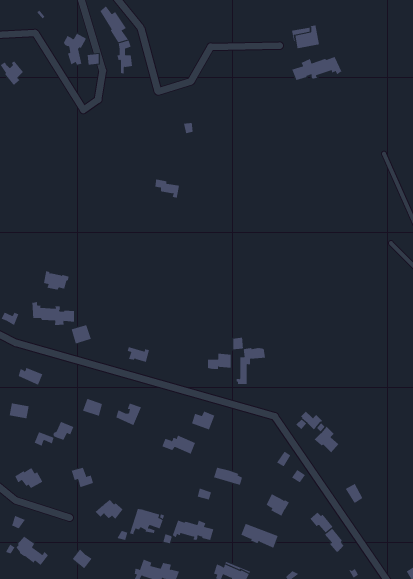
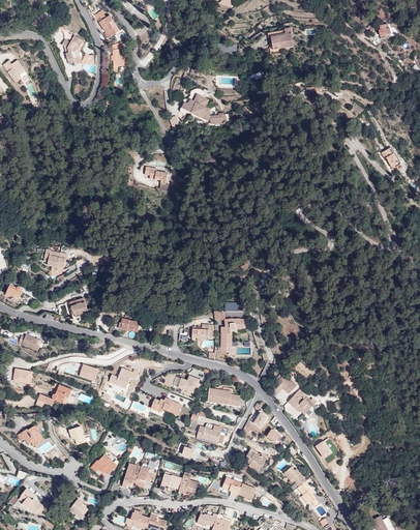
building: [292,56,342,81] -> none
building: none -> [180,95,223,124]
building: [32,301,74,326] -> none
building: none -> [207,387,239,405]

